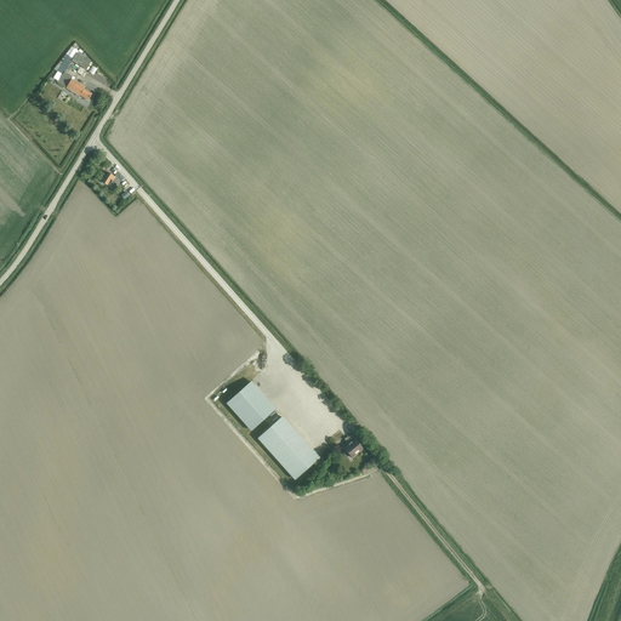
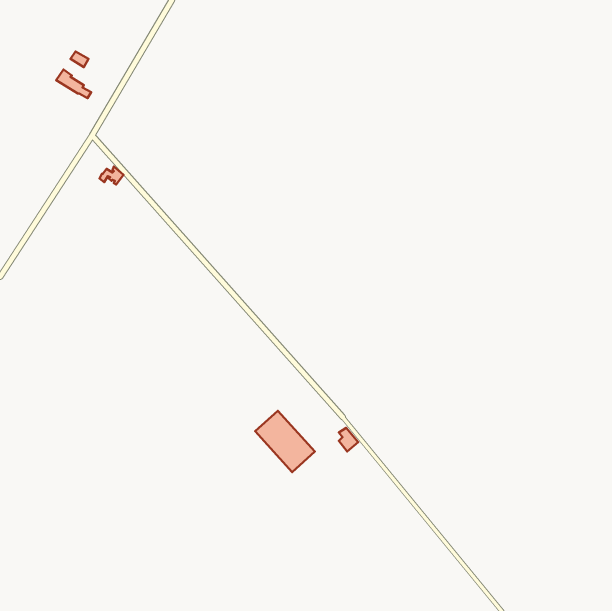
building: [227,381,275,429] -> none

